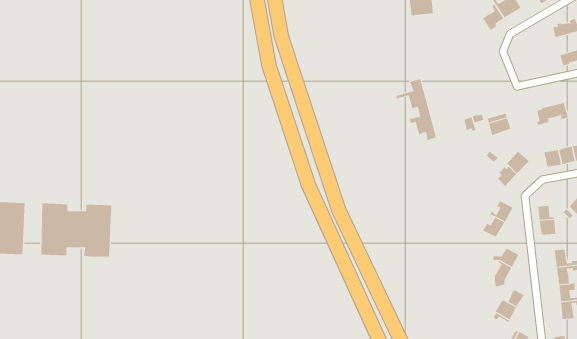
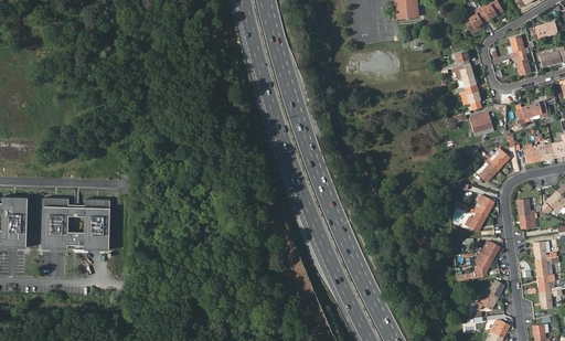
building: none -> [508,35,531,75]
building: [395,78,437,141] -> [441,51,481,110]

